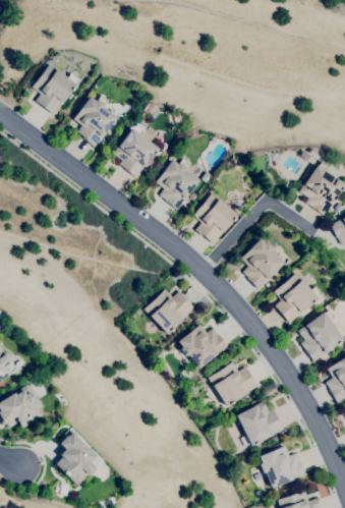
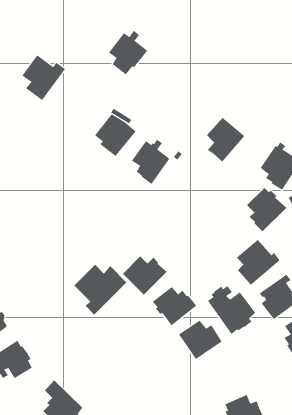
building: [74,94,119,145] -> [108,30,148,75]
building: [194,193,238,244] -> [206,117,245,162]
building: [240,238,286,289] -> [246,187,287,232]
building: none -> [73,264,127,316]
building: none -> [207,285,256,335]
building: [237,400,285,446] -> none

